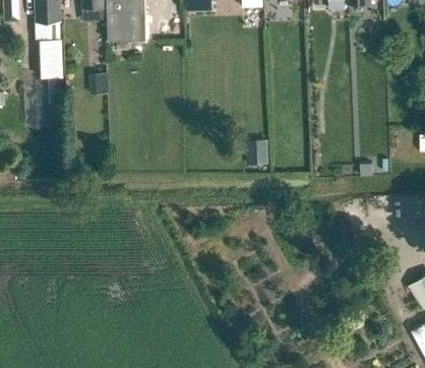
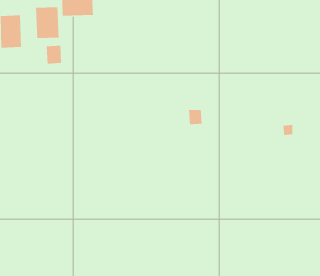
building: none -> [35,6,60,39]

